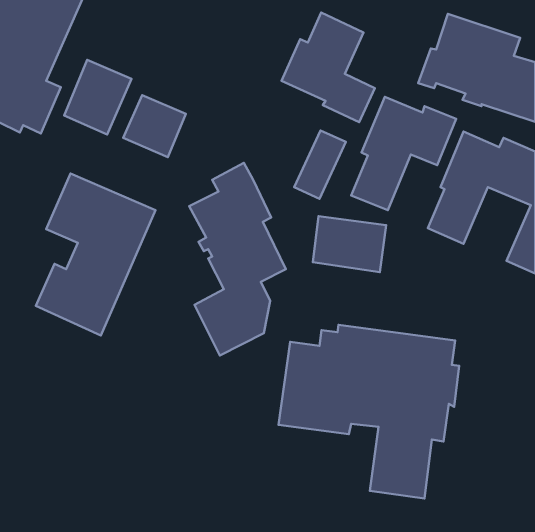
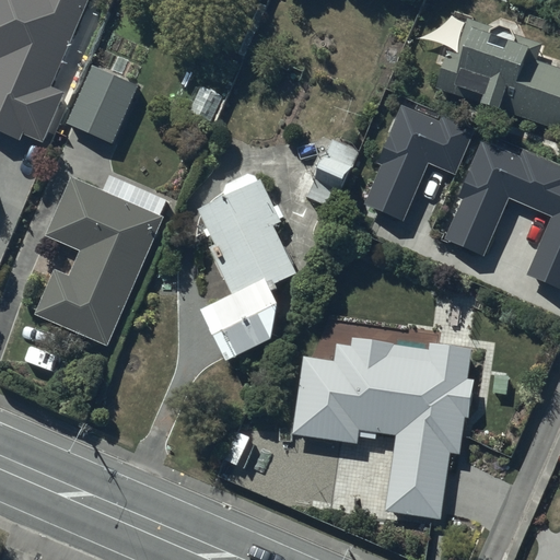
building: [281,13,375,122] -> none
building: [123,95,186,157] -> none
building: [313,216,386,272] -> none

